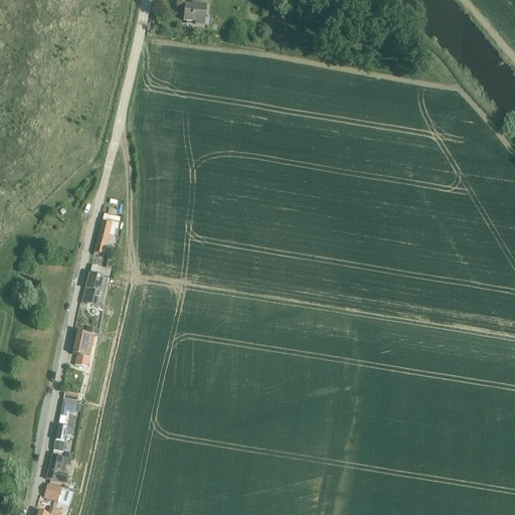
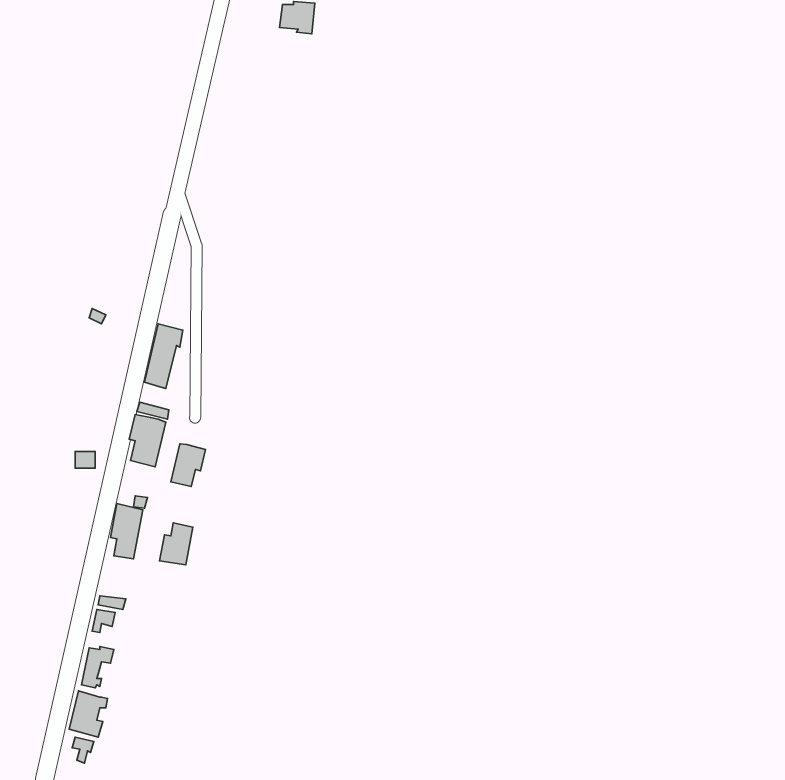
building: none -> [171,444,205,486]
building: none -> [160,523,193,565]

